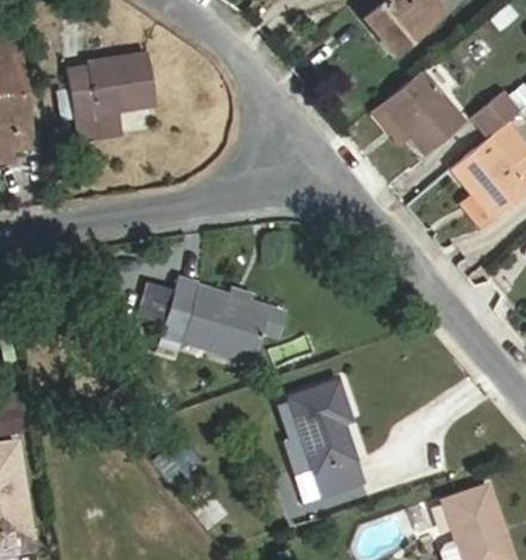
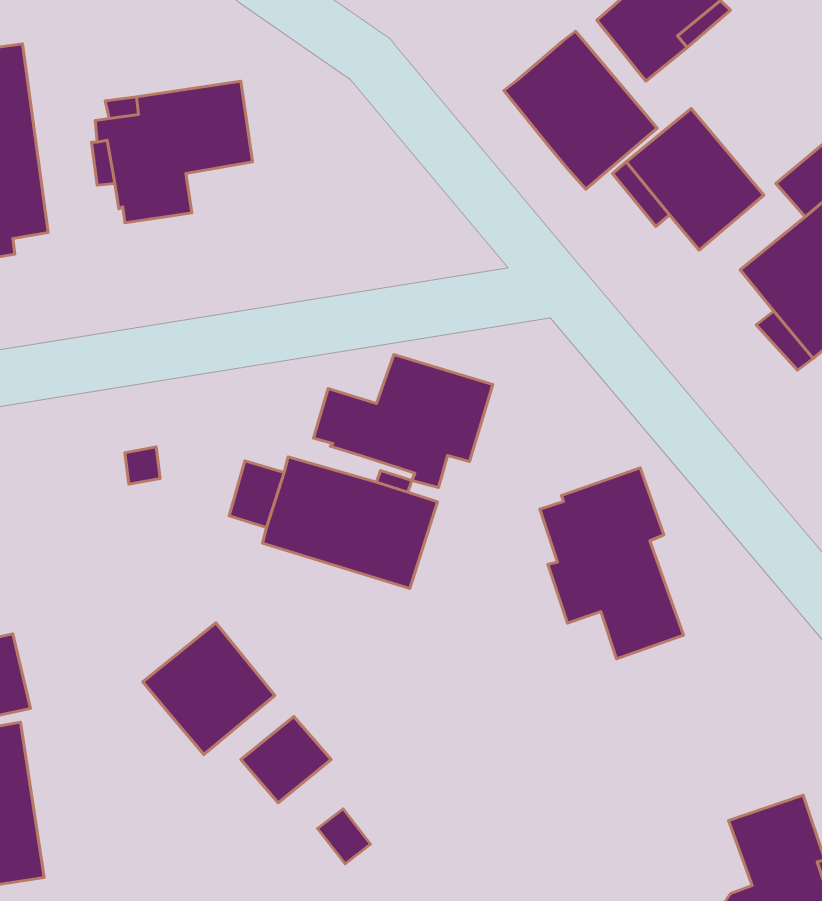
building: none -> [504,31,657,189]
building: none -> [313,355,493,488]
building: none -> [143,623,275,754]
building: [278,382,365,497] -> [540,468,683,659]

